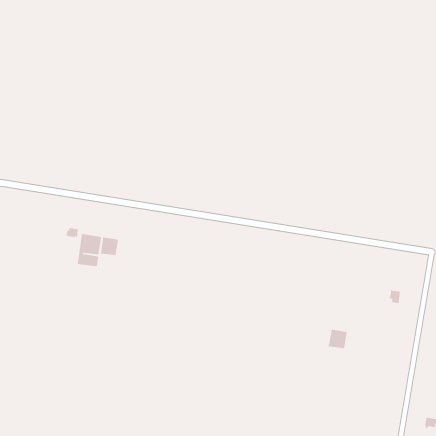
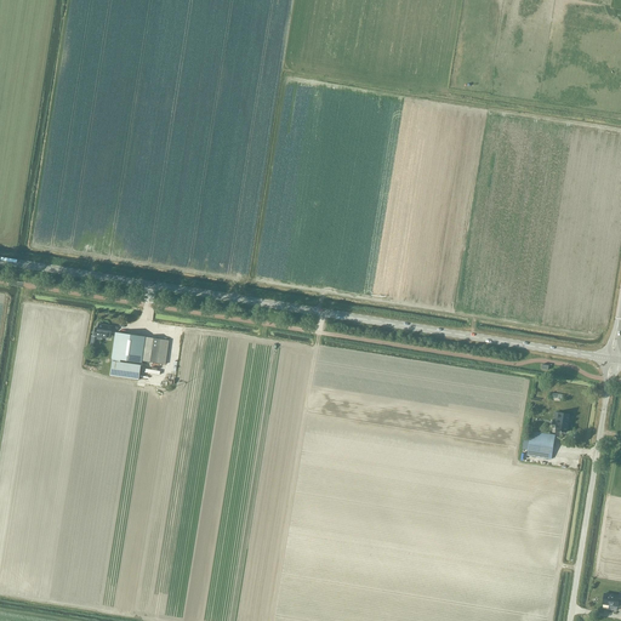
building: [328,329,347,349] -> [528,431,556,458]

